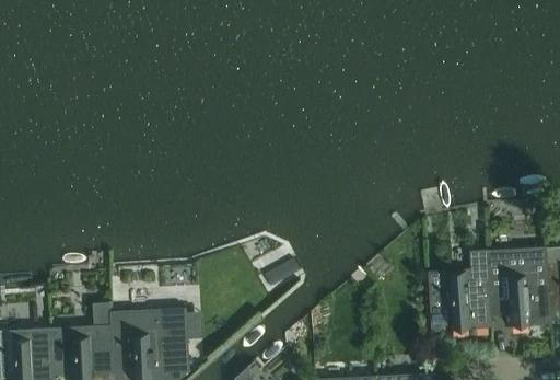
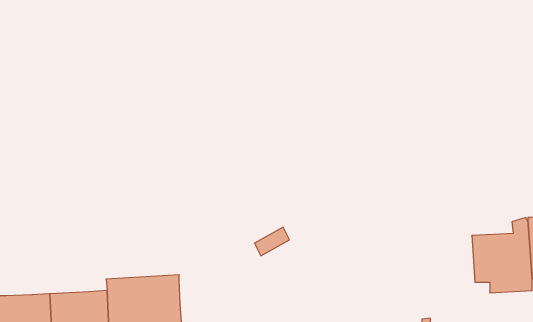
building: [429,249,493,329] -> none

